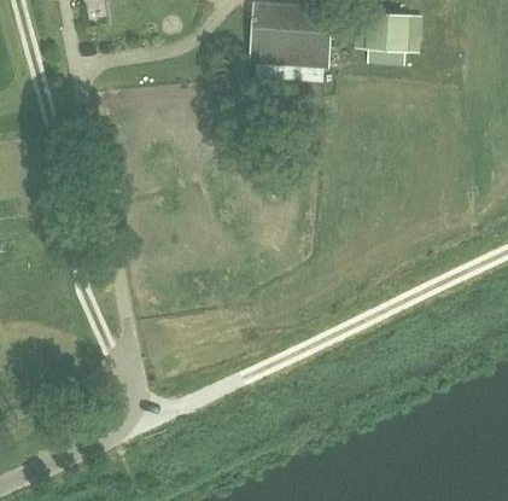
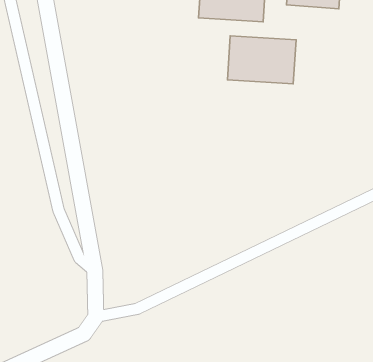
building: none -> [227,36,296,84]

